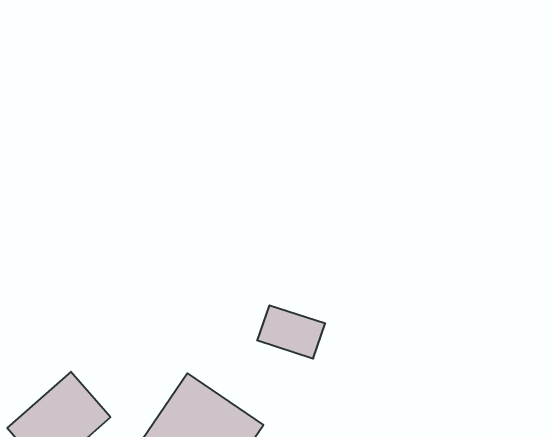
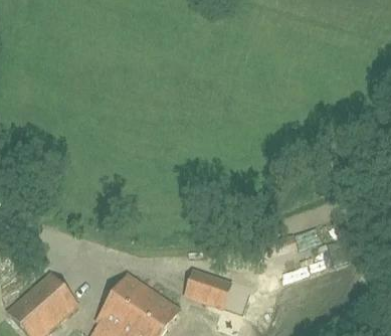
building: [257,305,325,359] -> [185,270,230,305]

